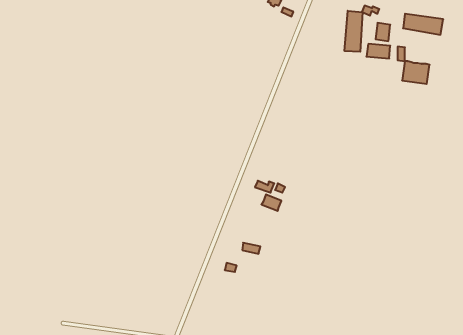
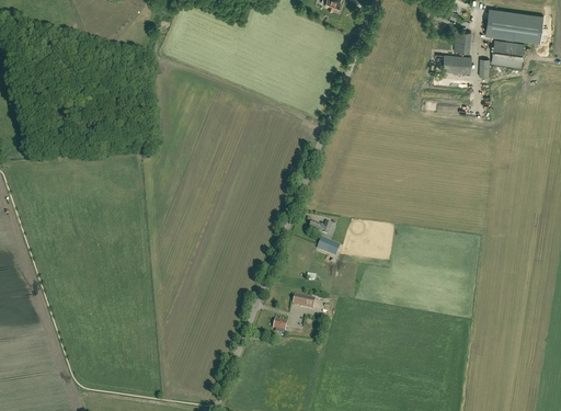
building: [345,11,362,52] -> none
building: [402,61,430,84] -> [491,41,524,68]

